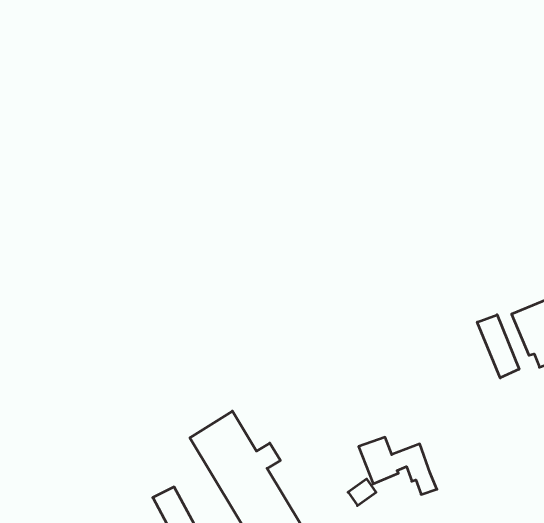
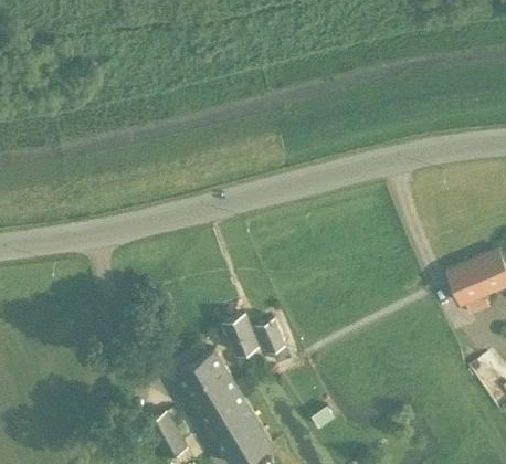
building: [477,315,519,378] -> none
building: [359,437,437,494] -> [224,316,289,363]

